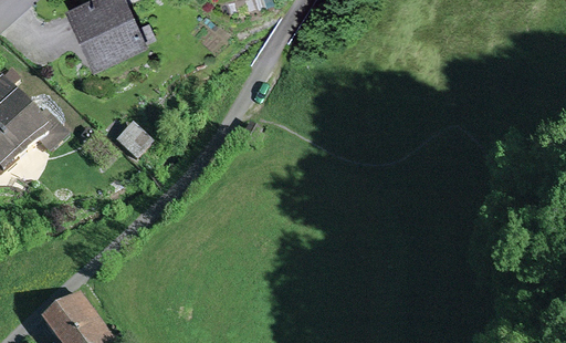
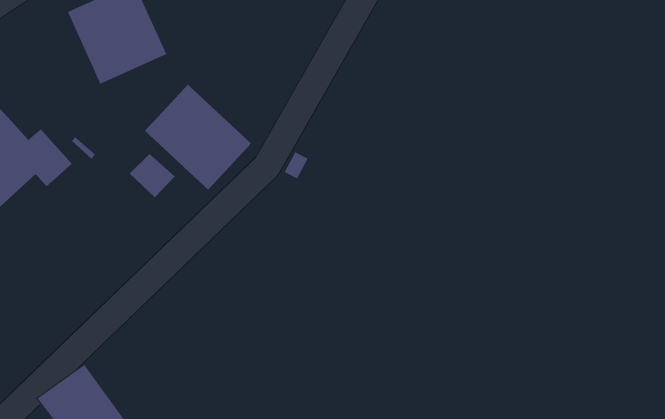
building: none -> [144,84,252,191]

